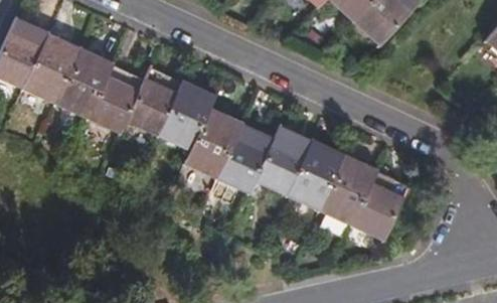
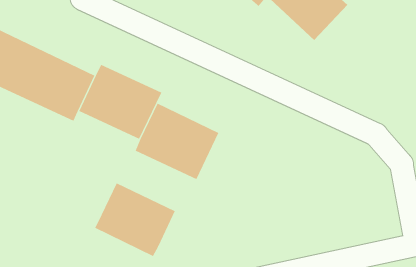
building: [256,131,405,239] -> none
building: none -> [94,182,176,257]

